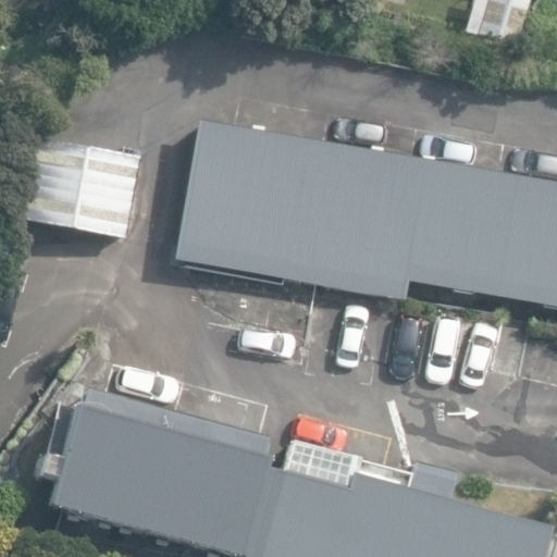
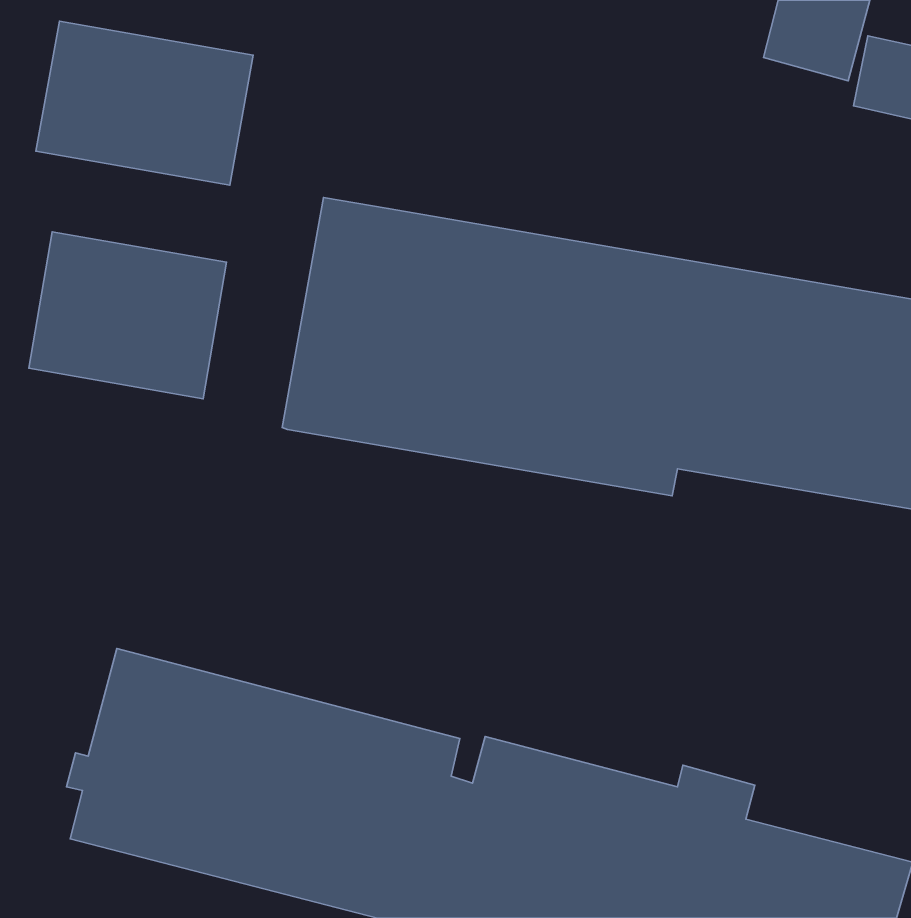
building: none -> [36,21,253,185]

